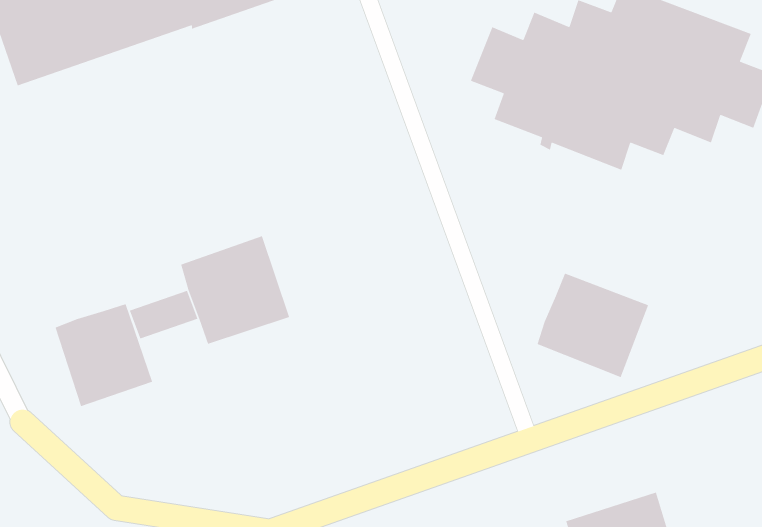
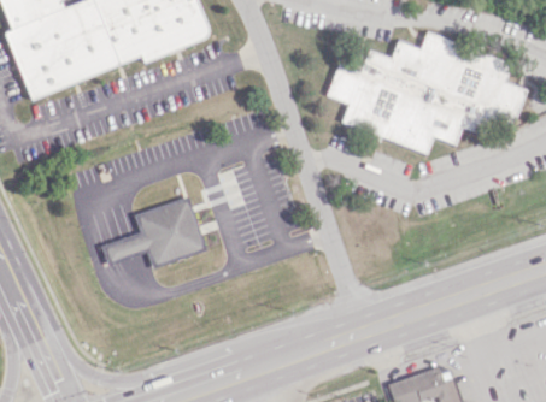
building: [536,273,649,378] -> none
building: [55,303,153,407] -> none

